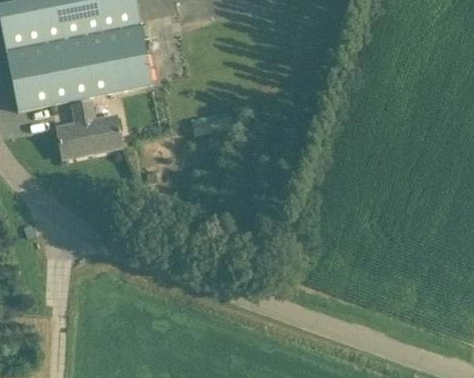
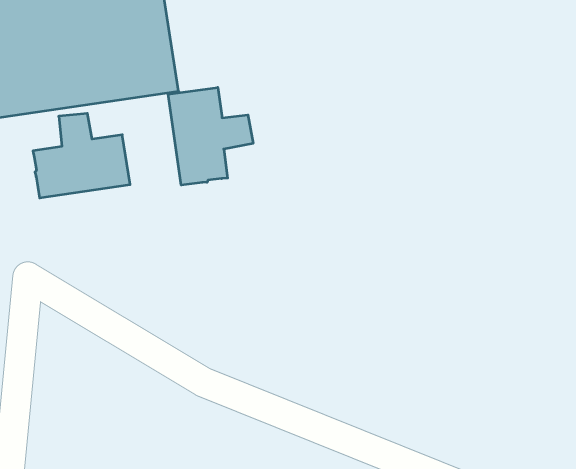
building: none -> [168,87,253,185]

